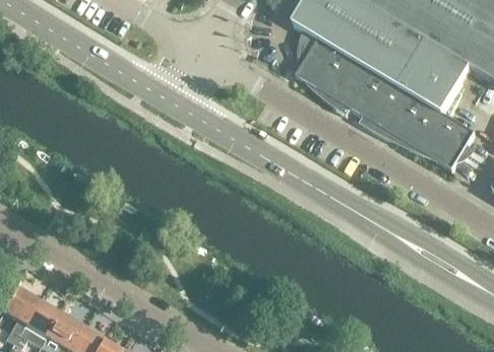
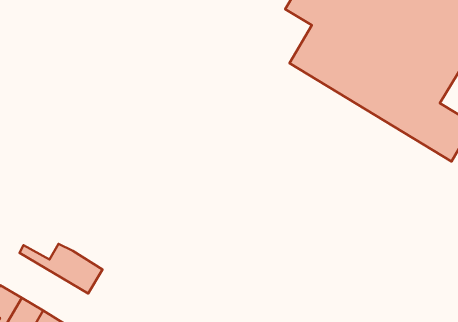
building: none -> [20,244,103,294]

